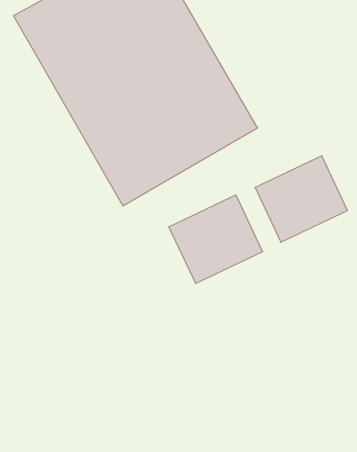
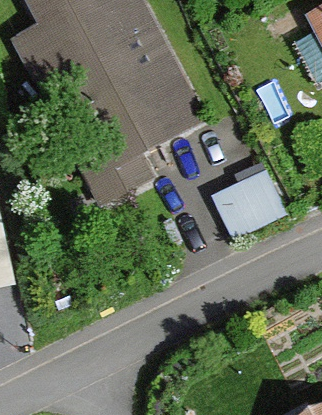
building: [169,195,263,284] -> none

